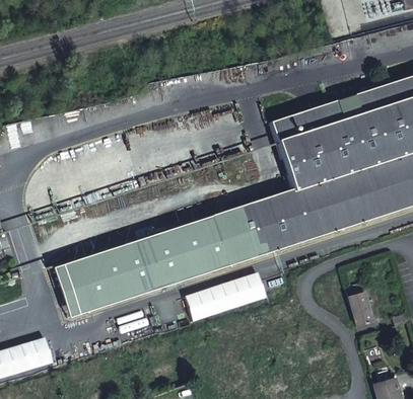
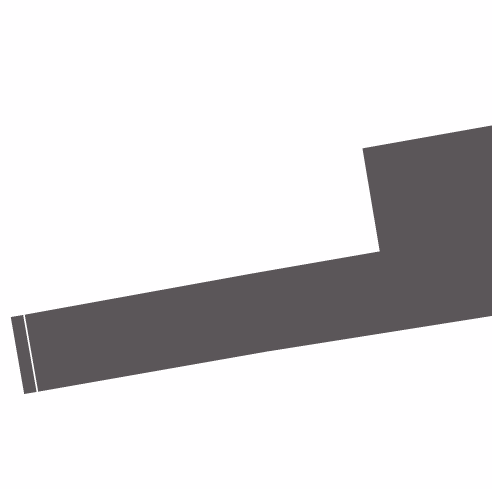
building: [188,271,270,320] -> none
building: [348,282,374,325] -> none

